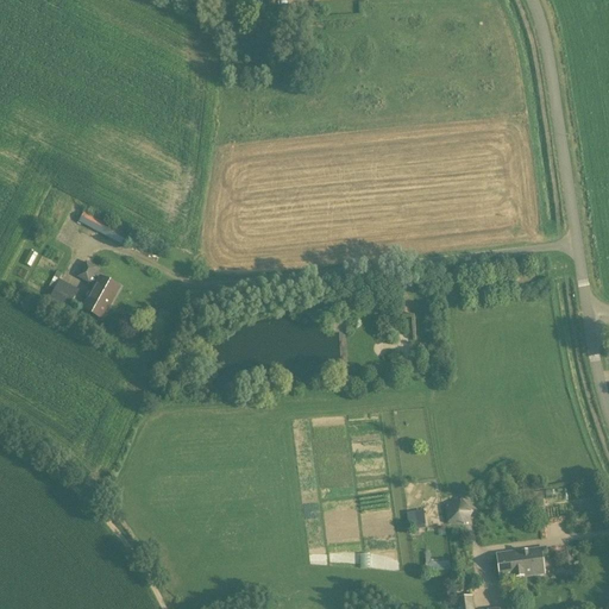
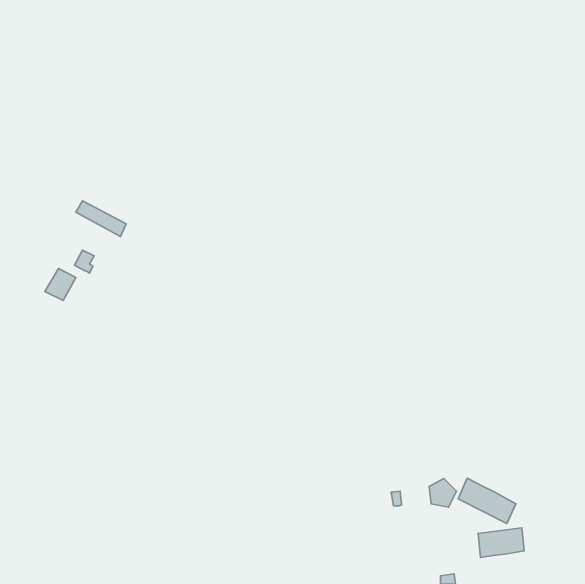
building: [86,275,121,315] -> none
building: none -> [458,478,516,523]

